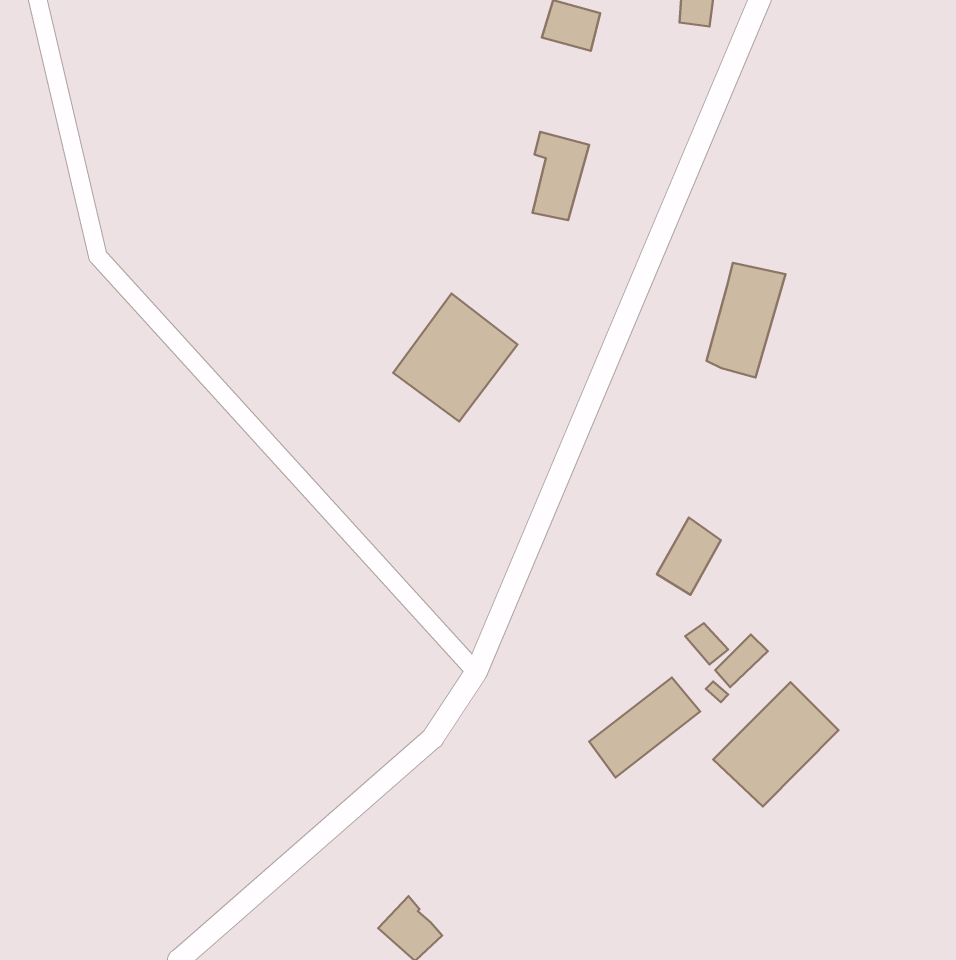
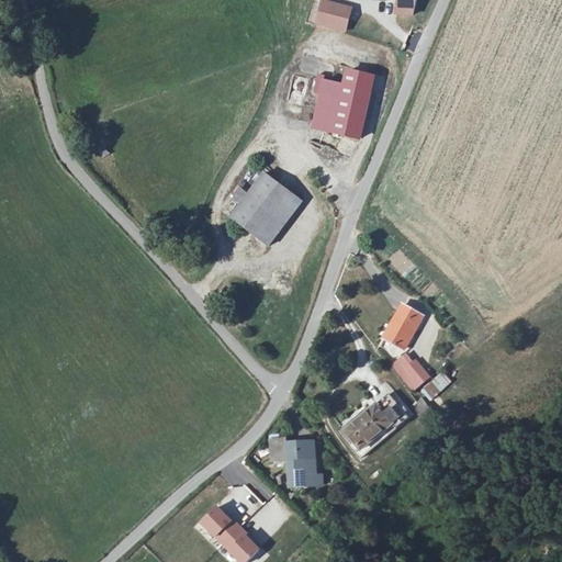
building: [707,263,786,378] -> [331,71,378,138]
building: [713,682,838,807] -> none
building: none -> [266,434,319,487]
building: none -> [199,504,238,541]

